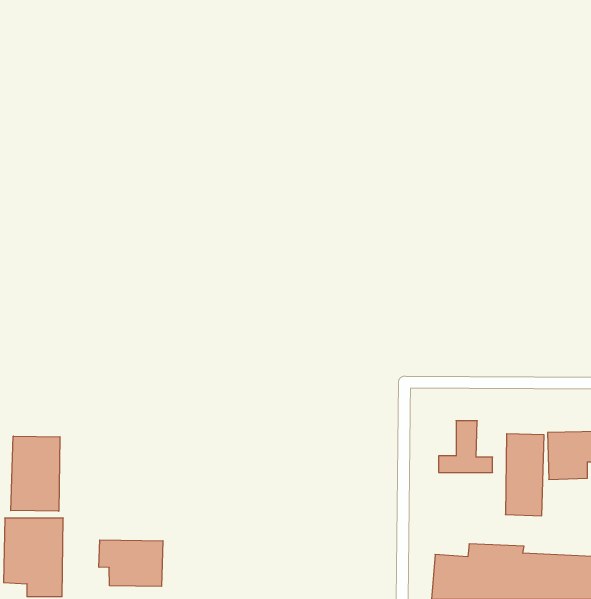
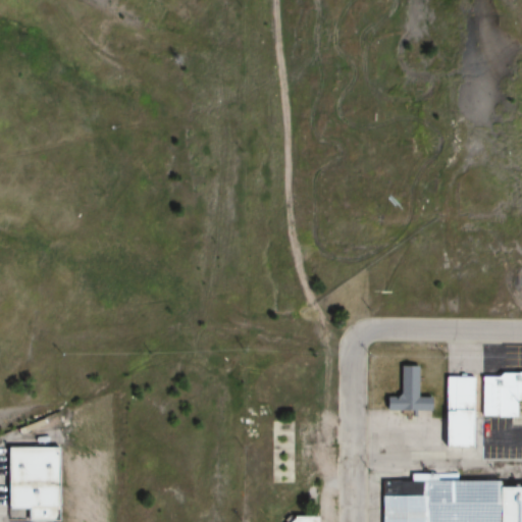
building: [11,436,60,511] -> none
building: [99,540,163,586] -> none

